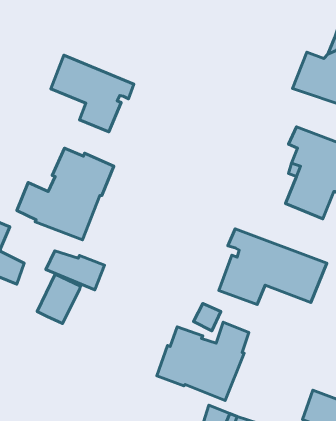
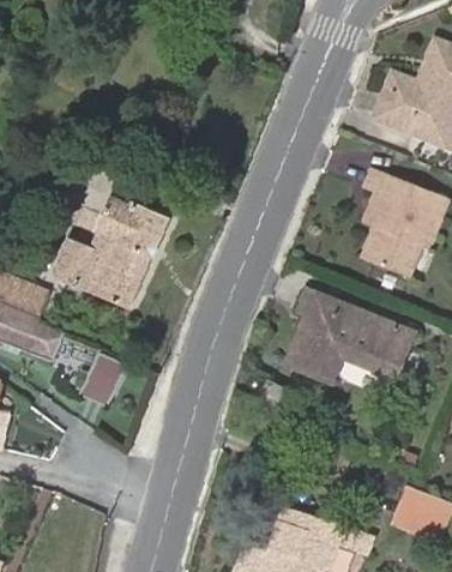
building: [51,55,134,132] -> none
building: [46,251,105,290] -> none
building: [157,322,249,401] -> none

